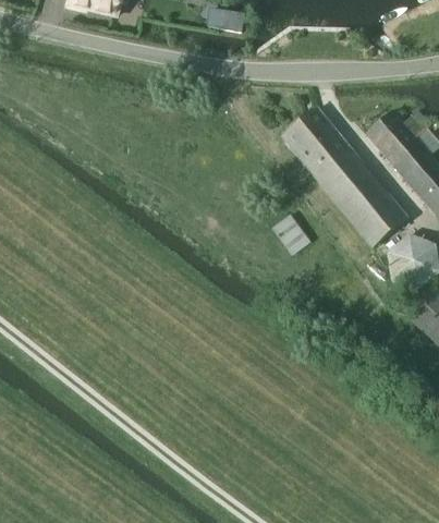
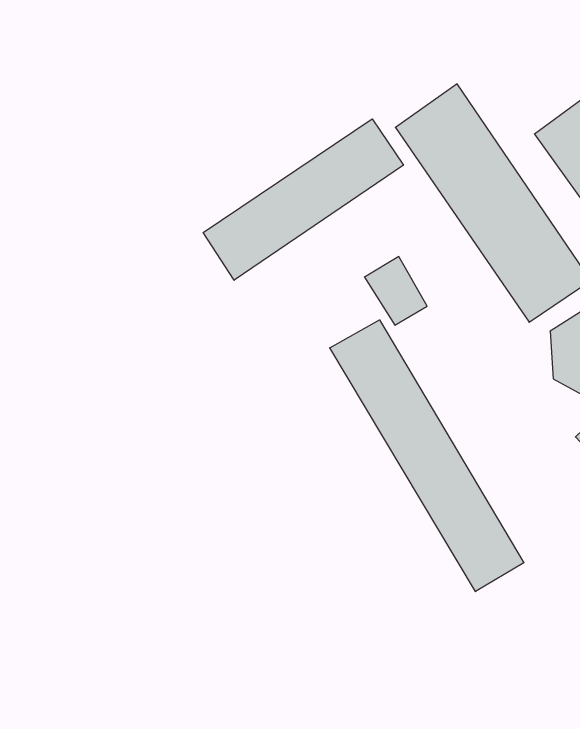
building: none -> [203,119,403,280]
building: none -> [330,320,524,592]

